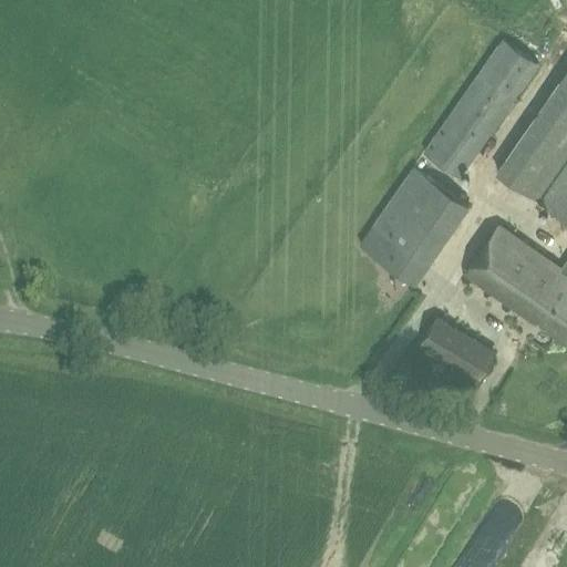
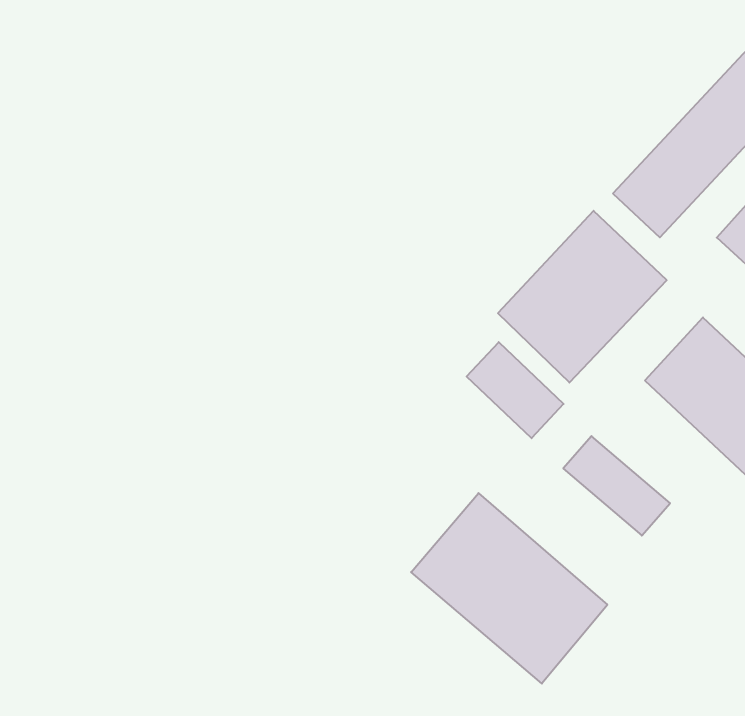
building: none -> [467,342,564,438]
building: none -> [411,493,607,684]

